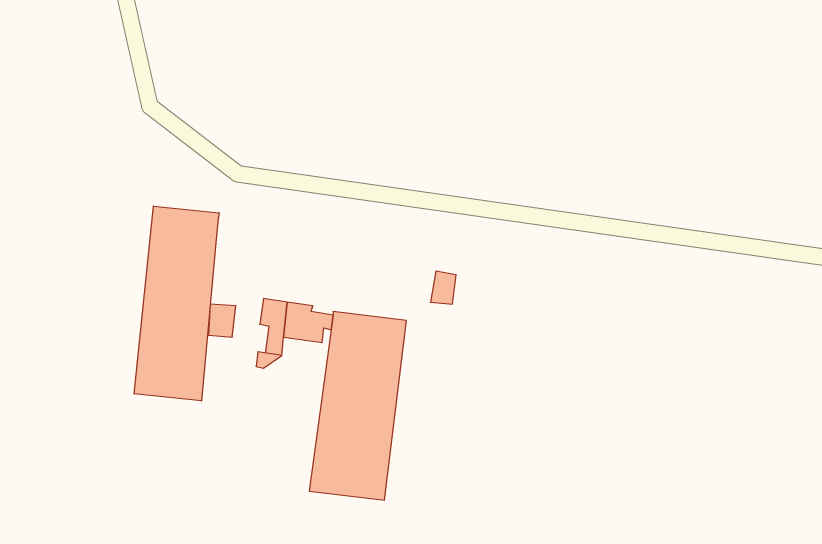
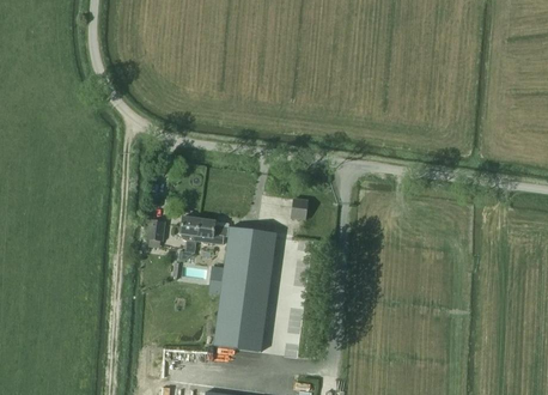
building: [134,206,219,401] -> none

